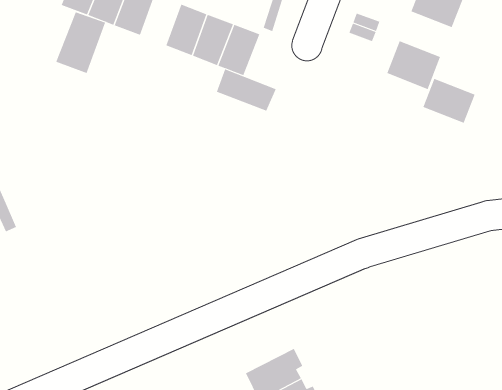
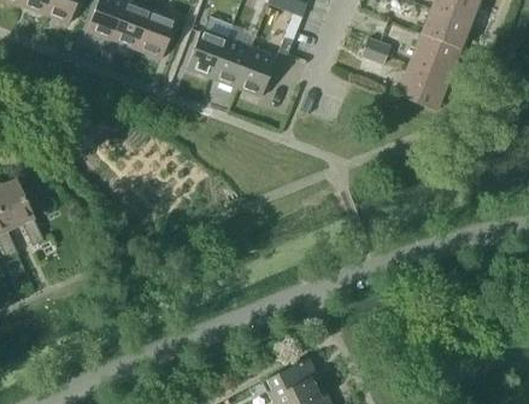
building: [56,11,106,74] -> none
building: [216,69,277,112] -> none
building: [422,78,475,124] -> [410,36,460,80]

